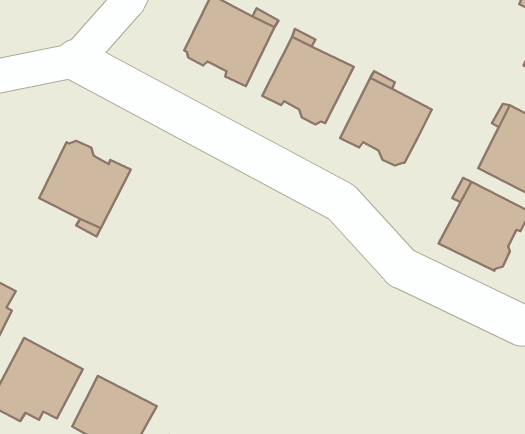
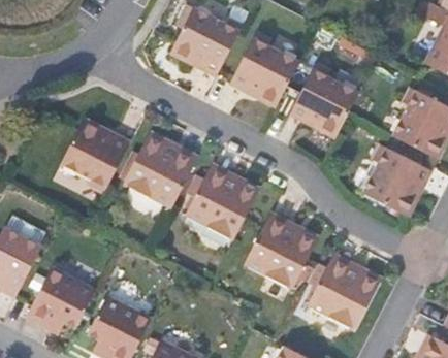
building: none -> [123,131,194,207]
building: none -> [186,171,258,239]
building: none -> [241,225,314,294]
building: none -> [308,262,380,330]

